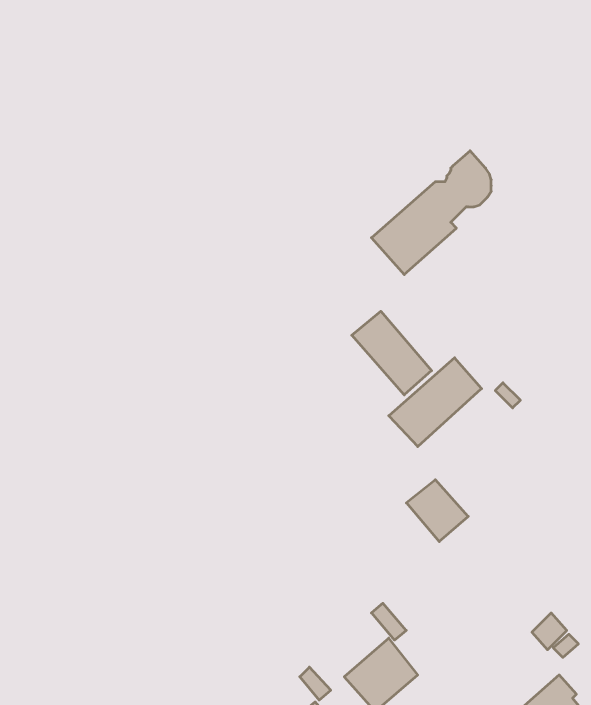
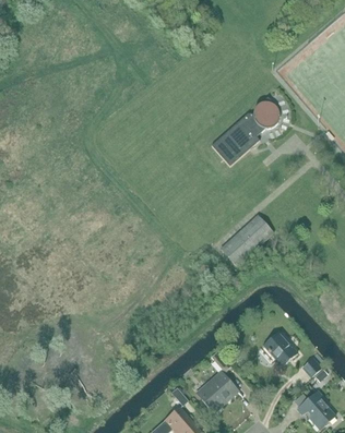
building: [352,311,432,395] -> none
building: [406,480,468,542] -> [263,332,298,366]

